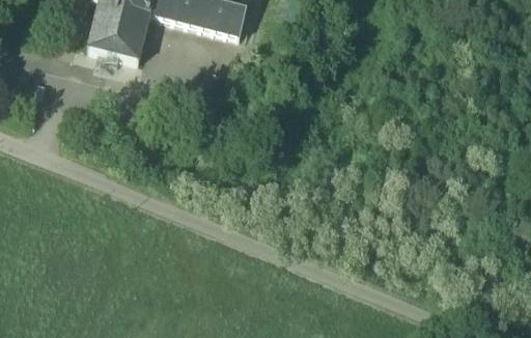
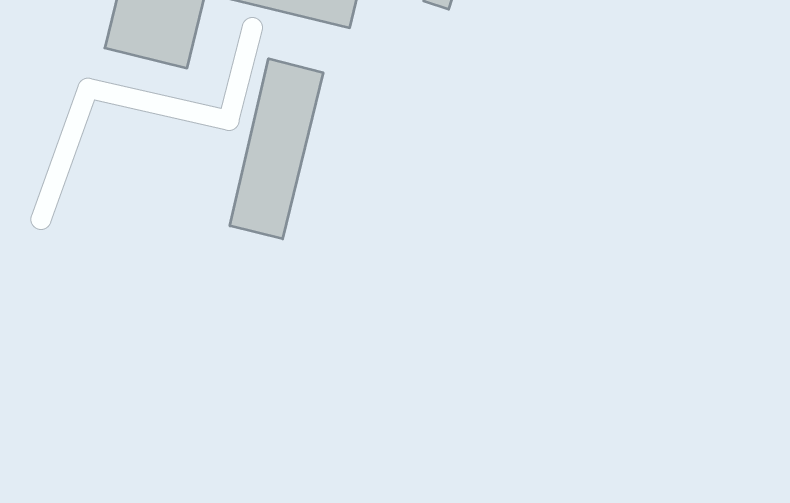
building: none -> [230,59,323,239]

